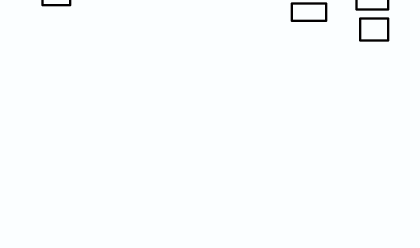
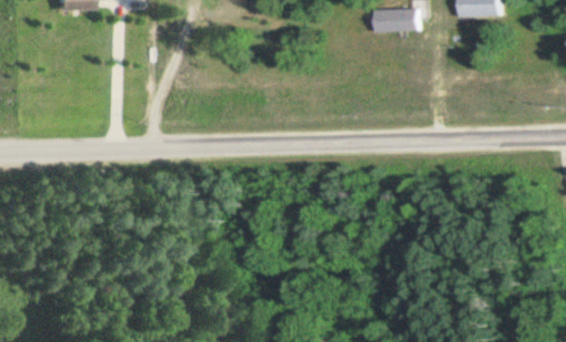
building: [360,18,388,41] -> none

